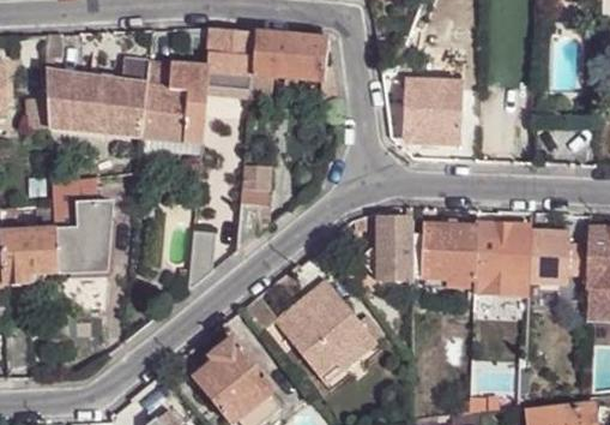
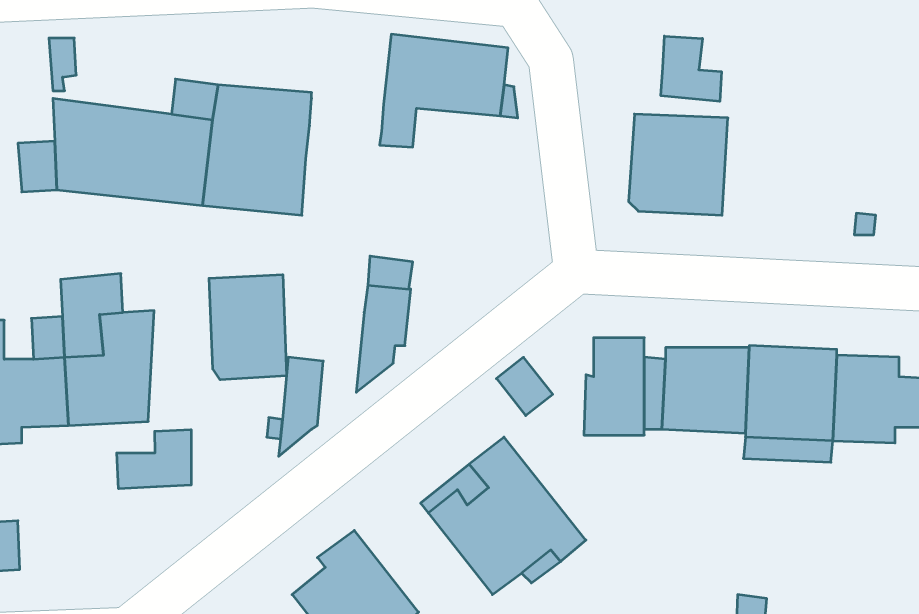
building: [206,28,256,91] -> none
building: none -> [661,36,721,101]
building: none -> [209,275,286,380]
building: none -> [117,430,191,489]

